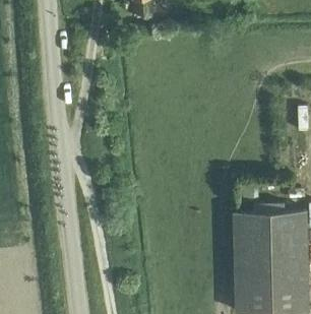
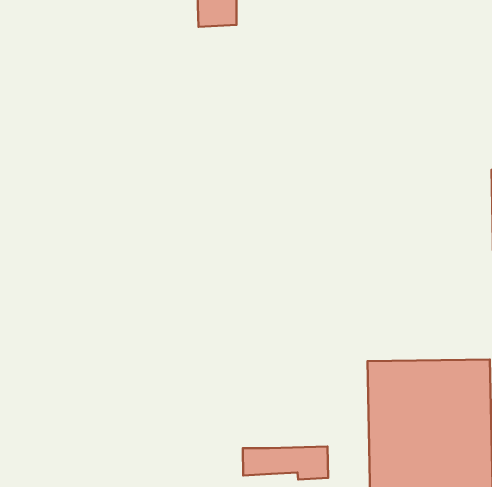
building: none -> [243,446,328,480]

